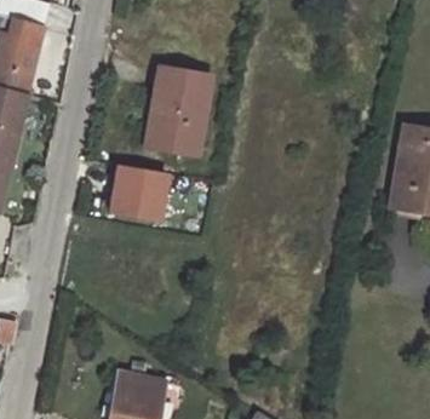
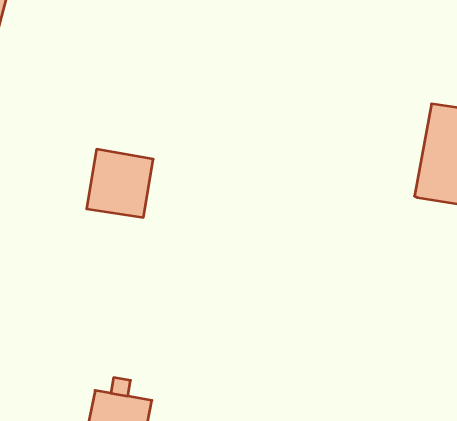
building: [151,67,210,154] -> none

